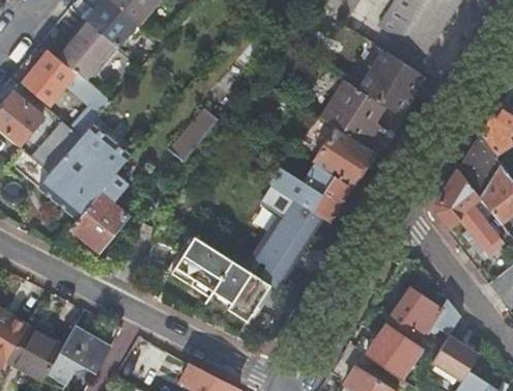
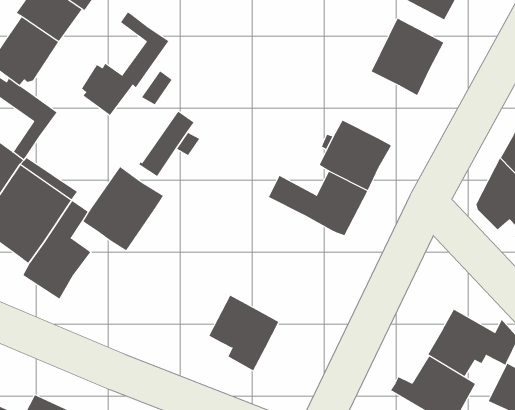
building: none -> [81,12,169,116]
building: [321,82,383,146] -> none
building: none -> [83,166,164,251]
building: [250,185,321,287] -> none
building: [172,235,234,290] -> none

